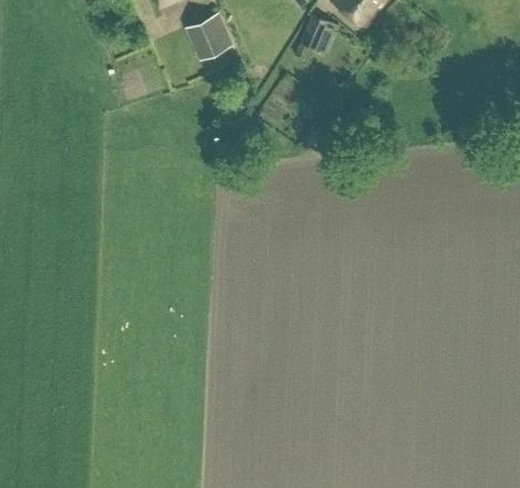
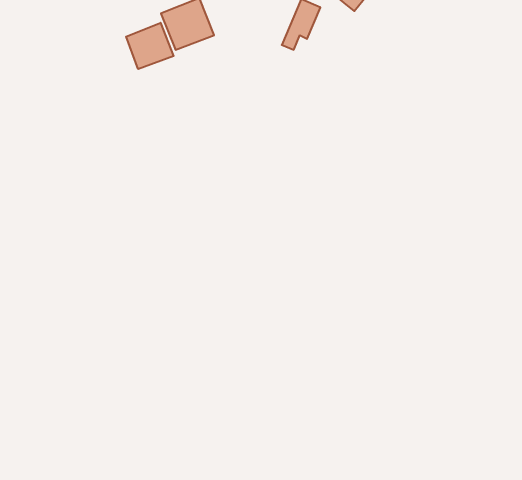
building: none -> [126,23,174,69]

